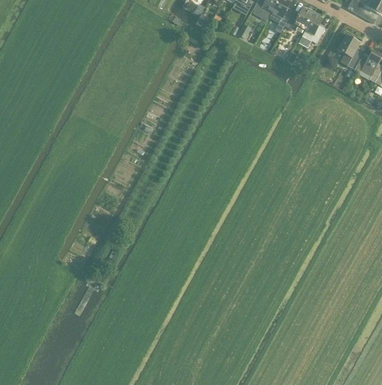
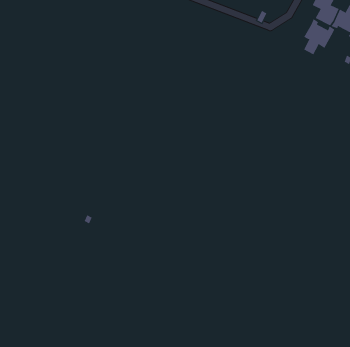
building: none -> [303,18,335,55]

